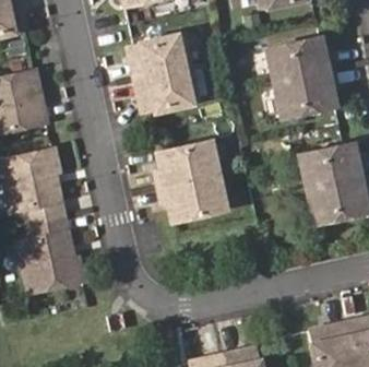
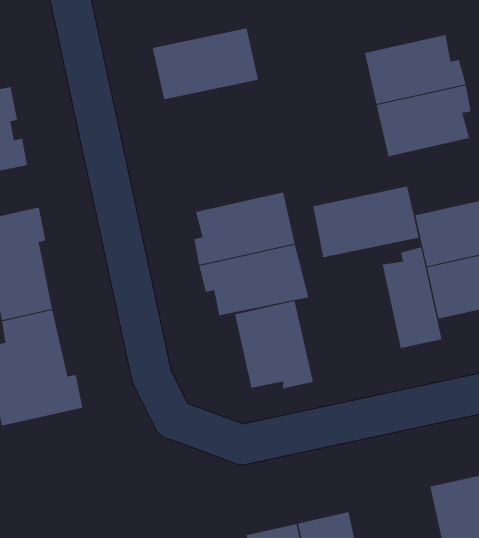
building: [136,67,206,114] -> [312,186,420,258]
building: none -> [382,247,442,349]
building: none -> [234,300,314,389]

